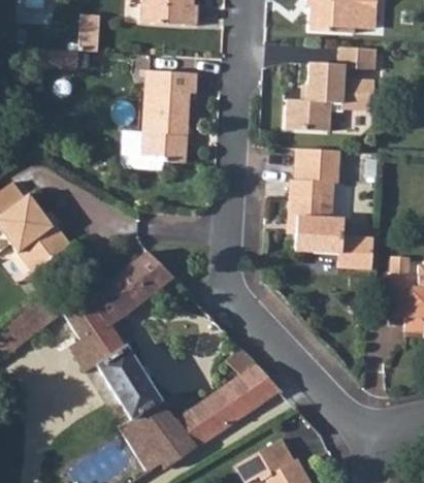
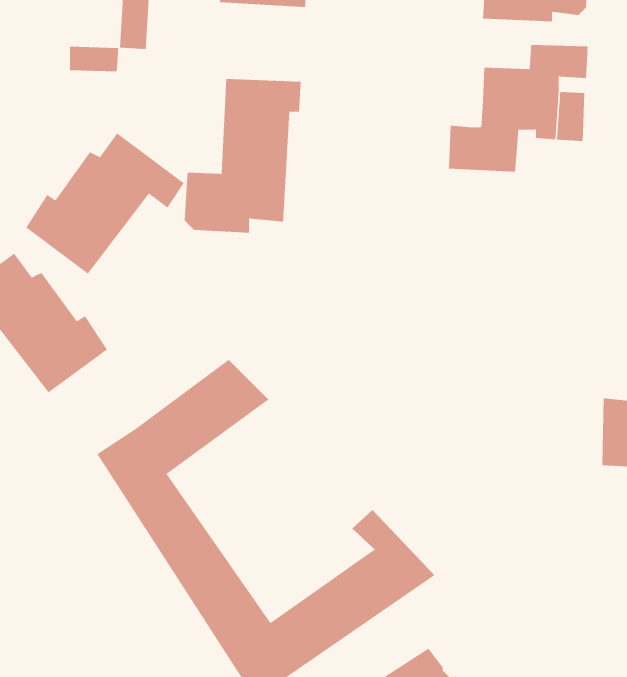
building: none -> [25,133,185,274]
building: [289,150,372,270] -> none

